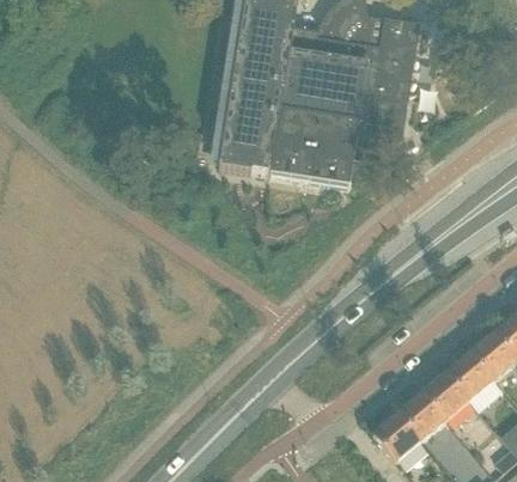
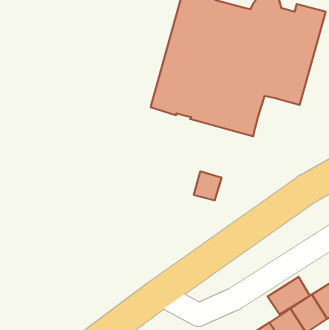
building: none -> [194,171,221,200]
building: none -> [268,277,310,315]

